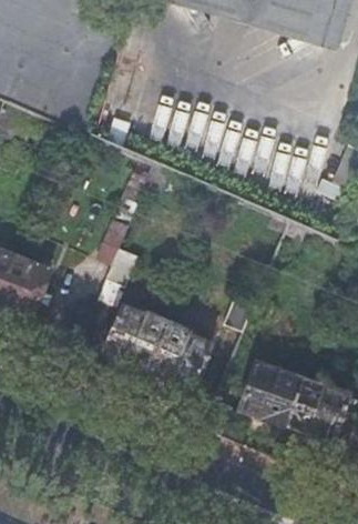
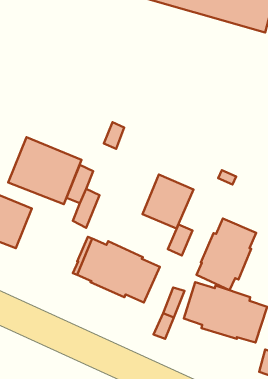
building: none -> [8,137,81,204]
building: none -> [142,174,194,228]
building: none -> [196,218,256,290]

